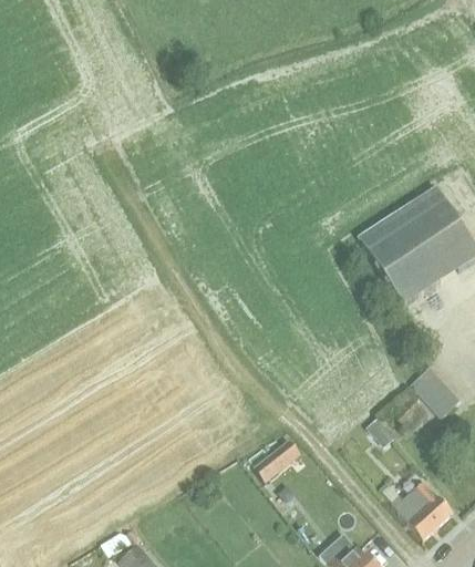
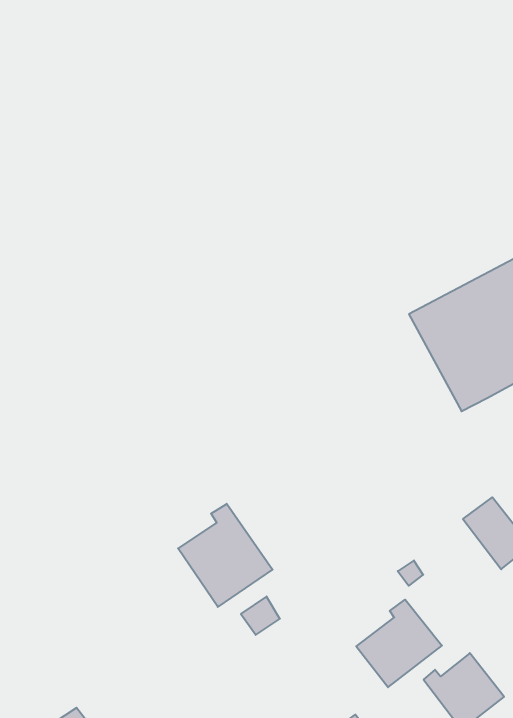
building: none -> [178,504,273,607]
building: none -> [356,600,442,687]

